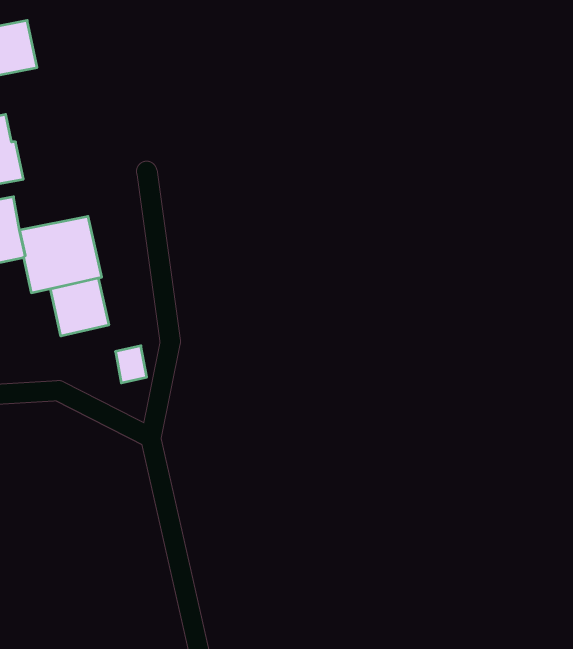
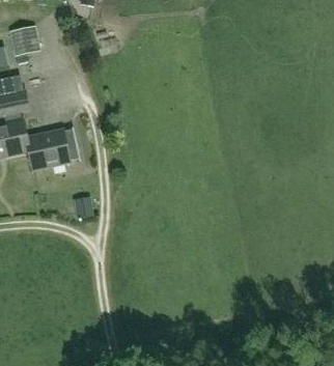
building: [50,278,109,336] -> none

